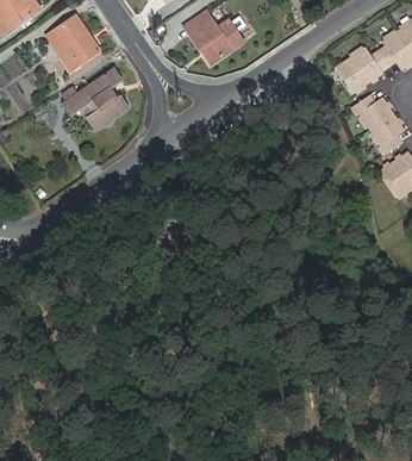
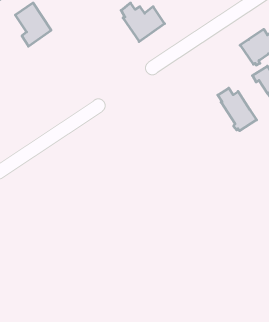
building: [61,68,126,129] -> none
building: none -> [218,88,257,131]

